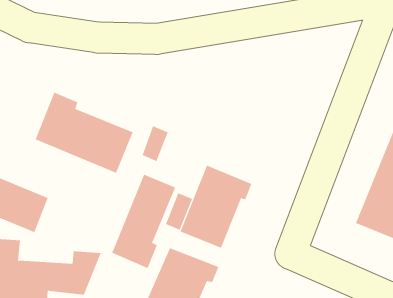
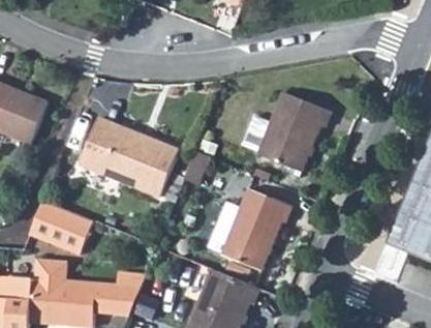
building: none -> [242,90,331,171]
building: [111,174,176,269] -> none

